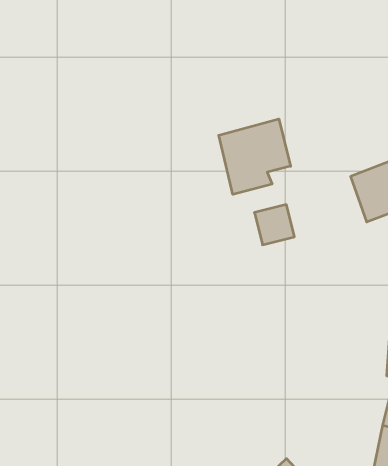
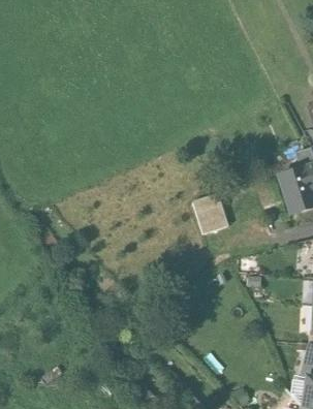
building: [219,119,291,194] -> none

